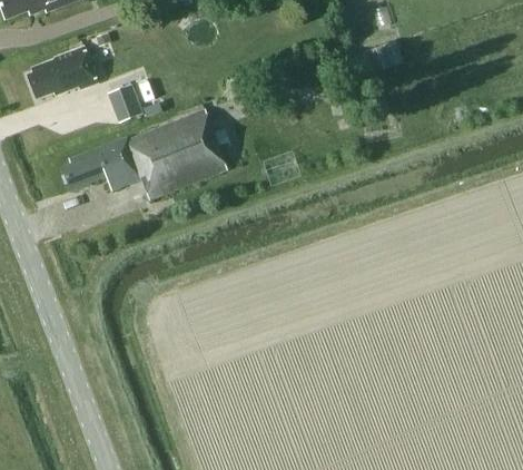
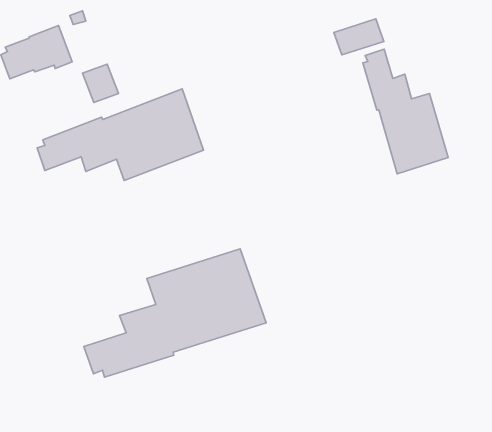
building: none -> [363,49,448,174]
building: none -> [84,249,266,377]

